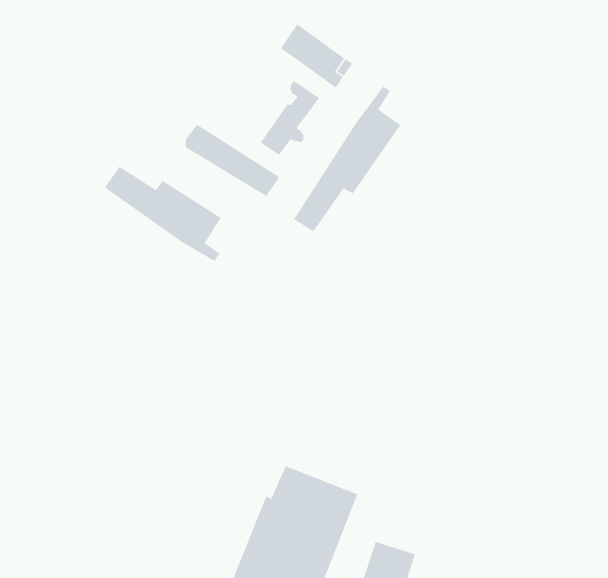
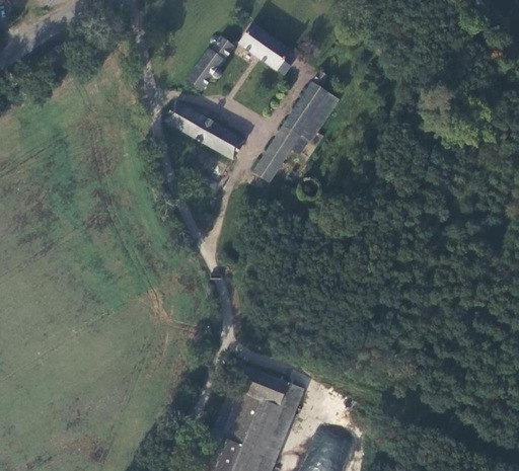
building: [260,81,320,156] -> [189,30,235,88]
building: [104,166,221,262] -> none

